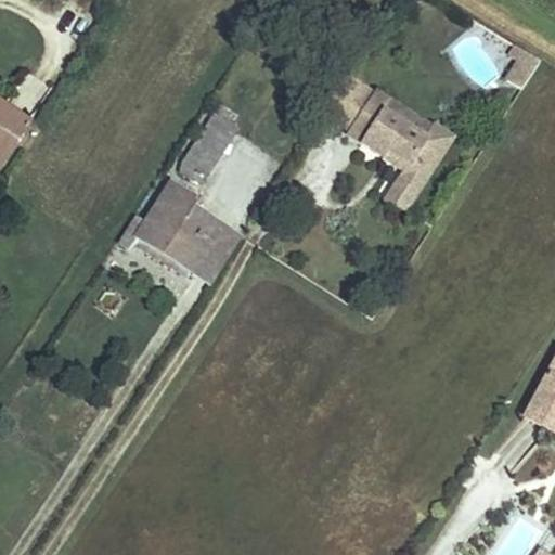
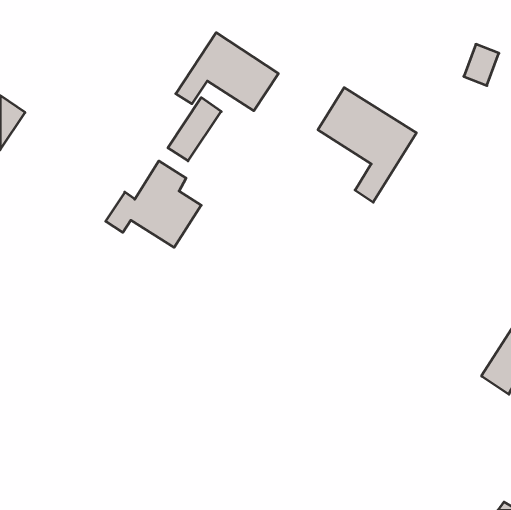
building: none -> [176,33,278,111]
building: [191,221,241,280] -> none

